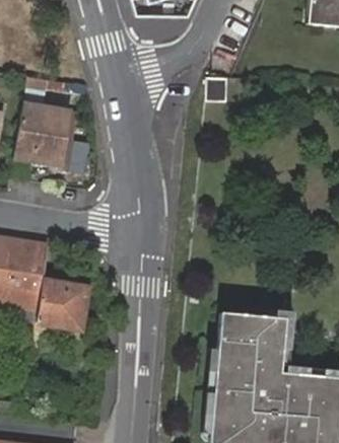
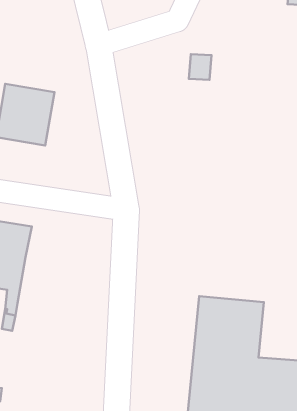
building: [38,276,89,330] -> none

